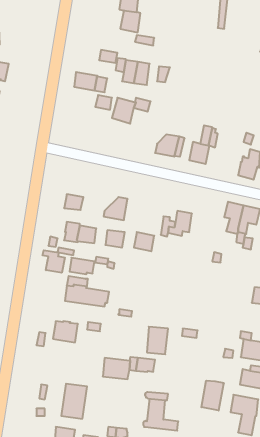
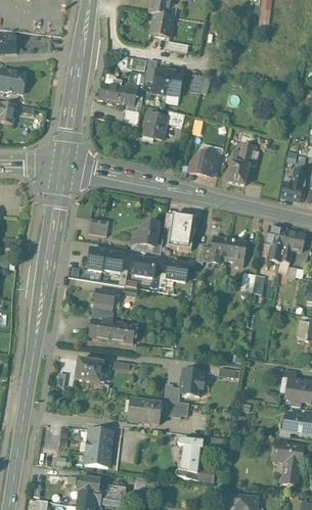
building: none -> [167,207,192,242]
building: none -> [226,239,246,265]
building: [43,250,65,273] -> none
building: [201,381,224,411] -> none

